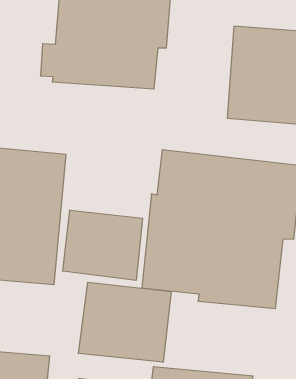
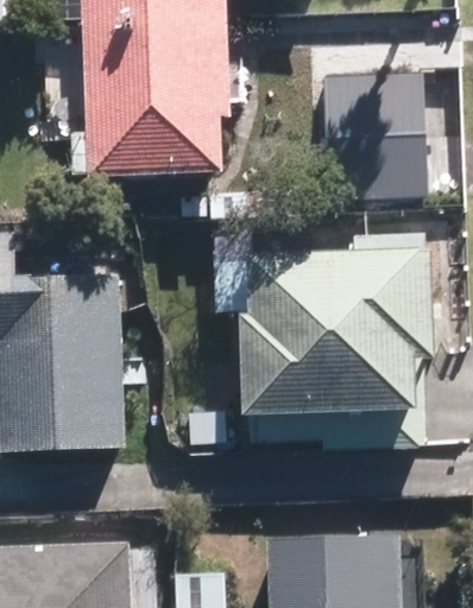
building: [63,210,142,280] -> none
building: [79,282,171,362] -> none

